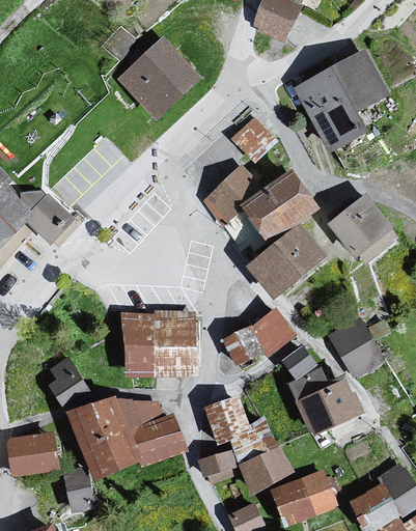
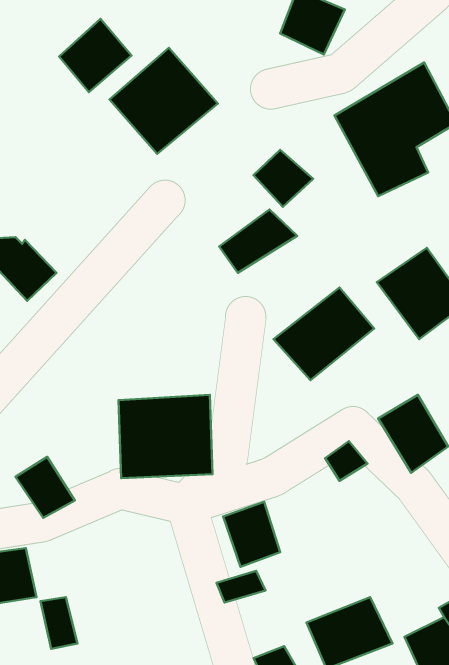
building: none -> [59,19,131,92]
building: [240,172,318,242] -> none
building: [218,308,295,367] -> none
building: [296,375,361,434] -> none
building: [65,393,187,484] -> none
building: [242,441,296,494] -> none

